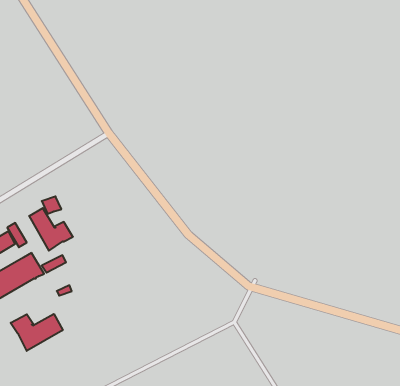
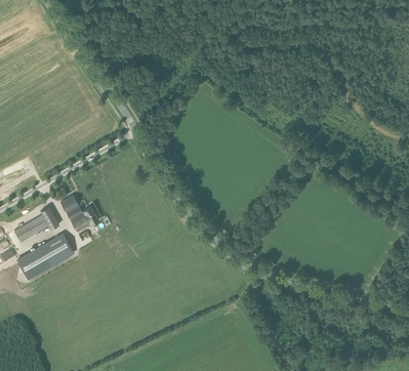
building: [11,314,63,351] -> none

